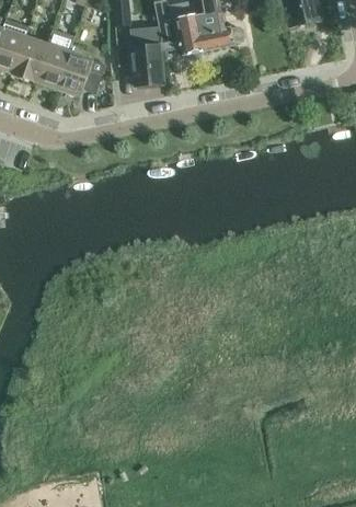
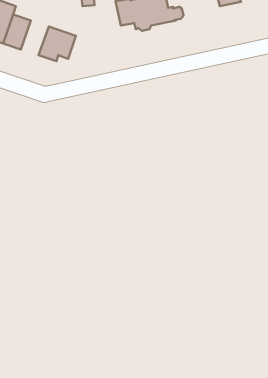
building: [130,26,163,85] -> none
building: [35,43,71,88] -> none

